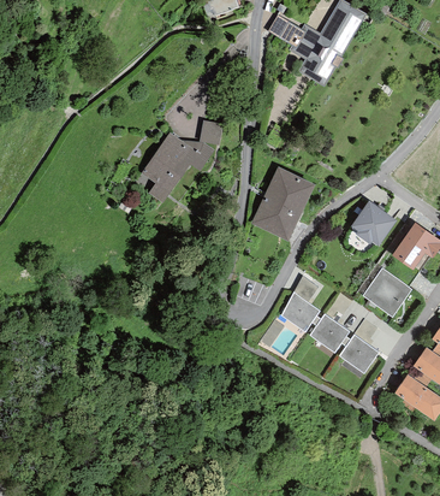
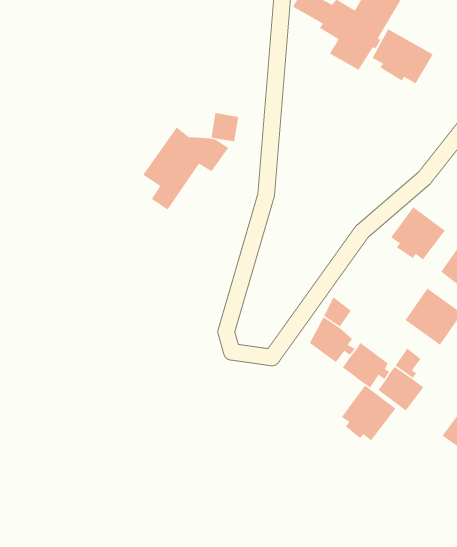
building: none -> [372,28,434,85]
building: [250,167,314,242] -> none
building: none -> [341,385,396,441]

